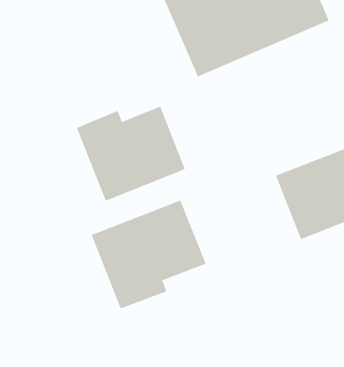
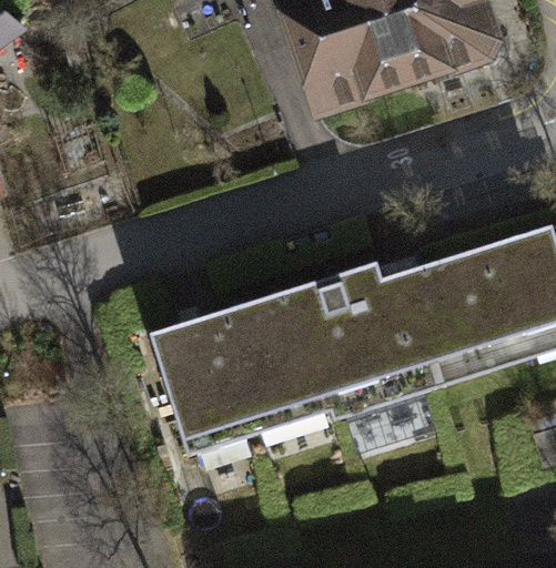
building: [76,106,186,201] -> none
building: none -> [282,266,443,399]

